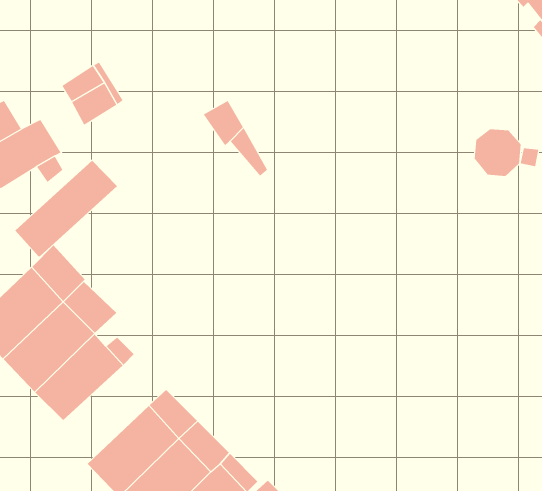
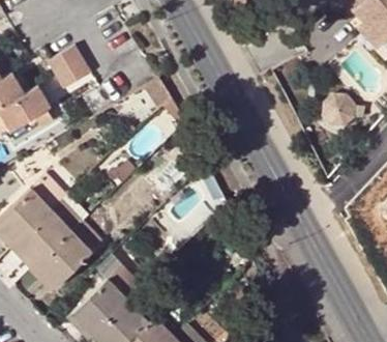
building: [15,160,118,257] -> none

